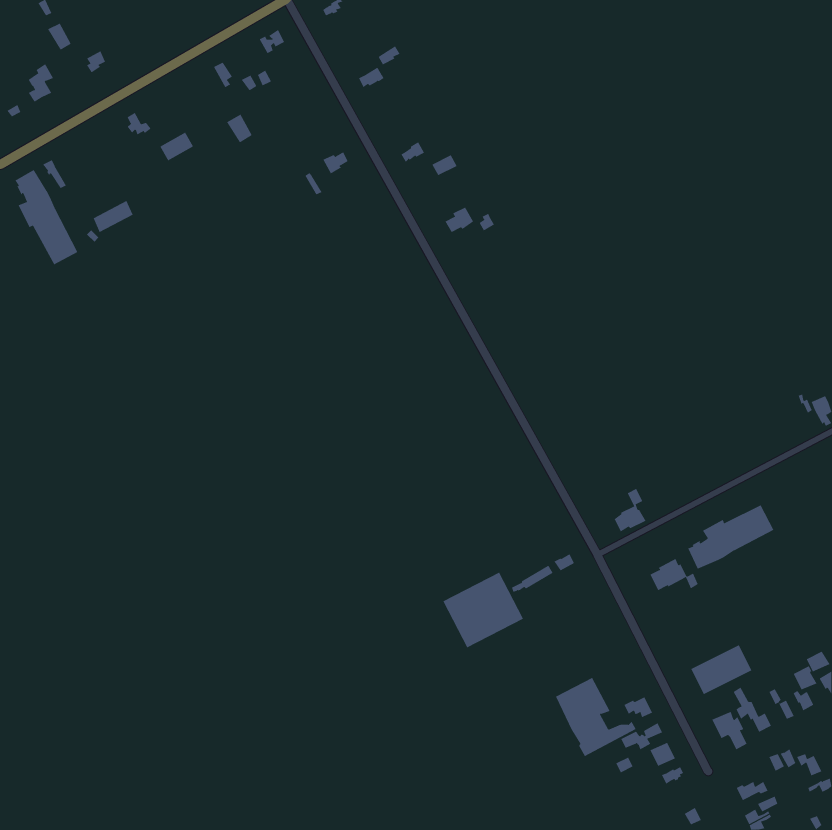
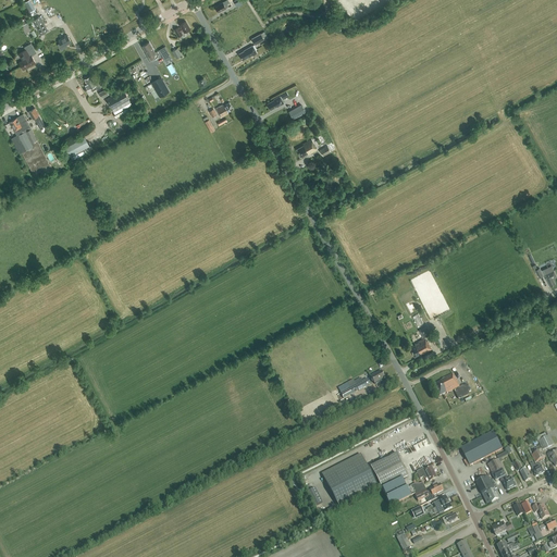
building: [687,504,774,569] -> none
building: [442,572,524,648] -> [322,454,376,505]

